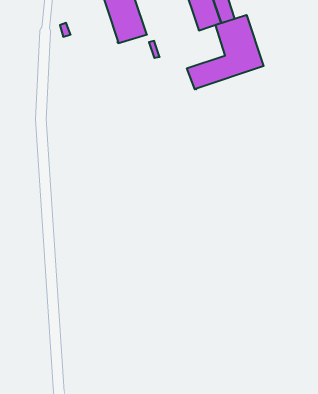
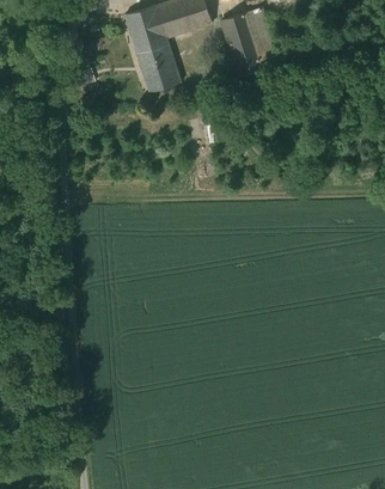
building: [187,15,264,89] -> none

